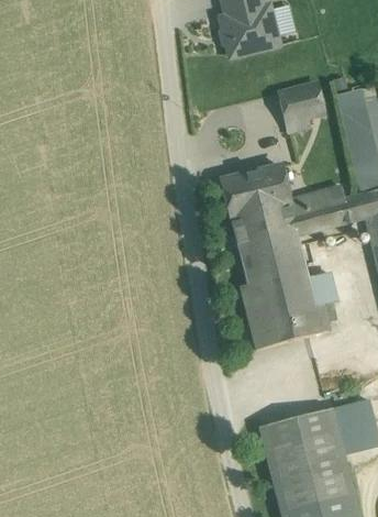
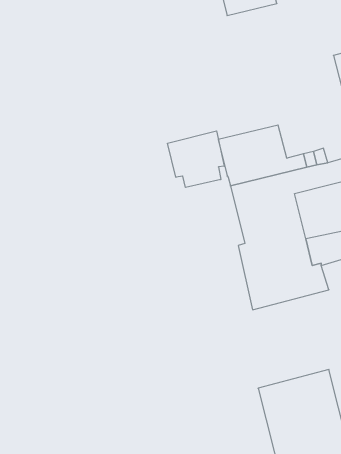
building: [278,81,324,130] -> none
building: none -> [168,131,224,187]

